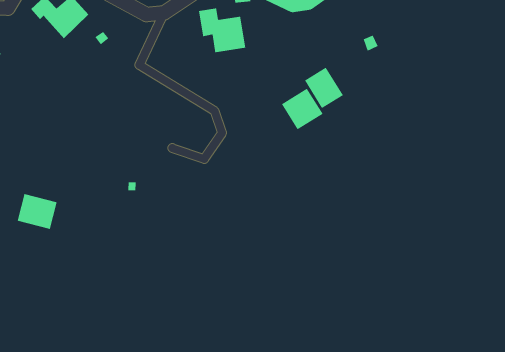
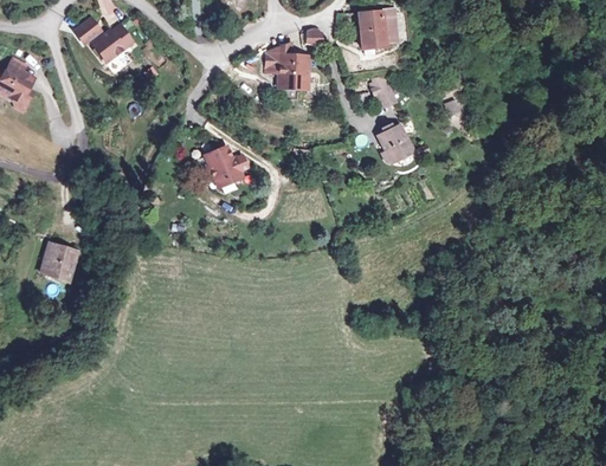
building: [281,88,323,130] -> none
building: none -> [198,143,250,193]

